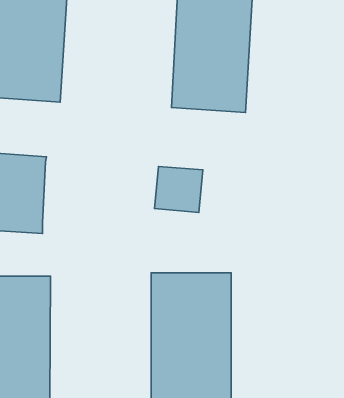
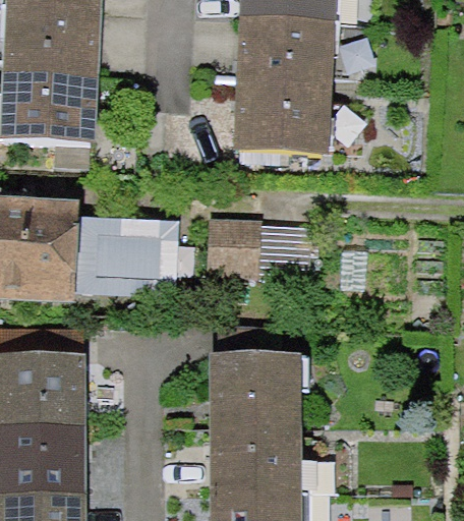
building: none -> [71,214,181,297]

